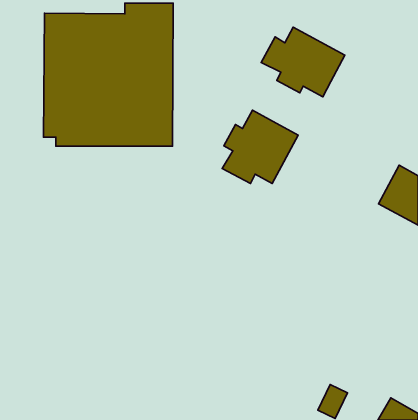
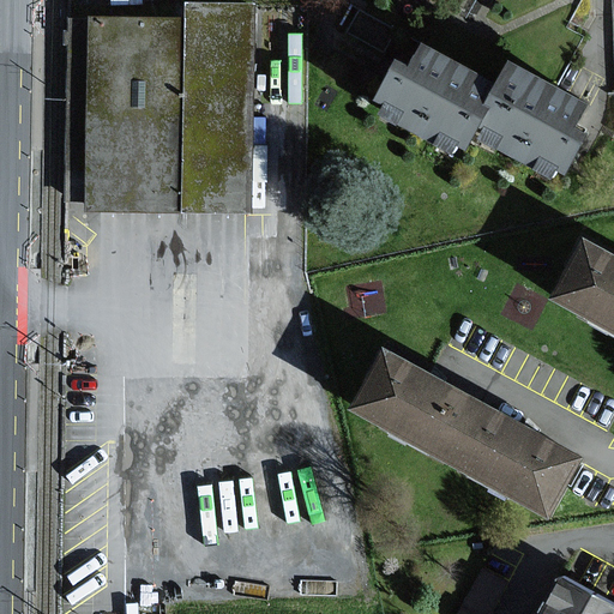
building: none -> [483,59,591,168]
building: [222,110,298,184] -> none
building: none -> [349,350,580,518]

